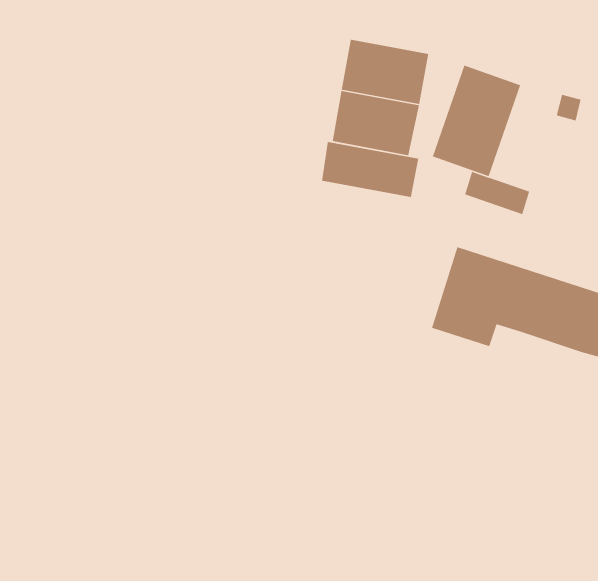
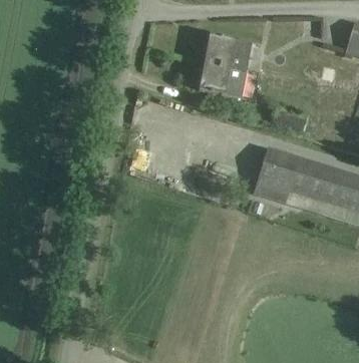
building: [432,65,521,177] -> none
building: [321,141,419,198] -> none

